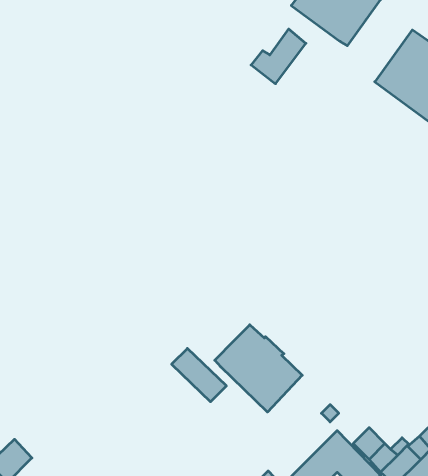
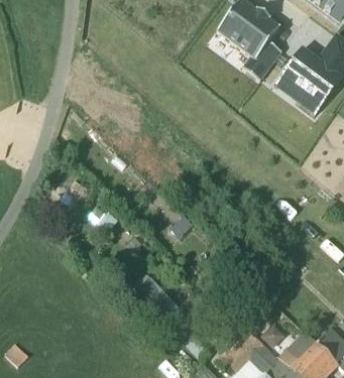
building: [251,29,306,84] -> [243,42,281,81]
building: [215,325,302,412] -> none

